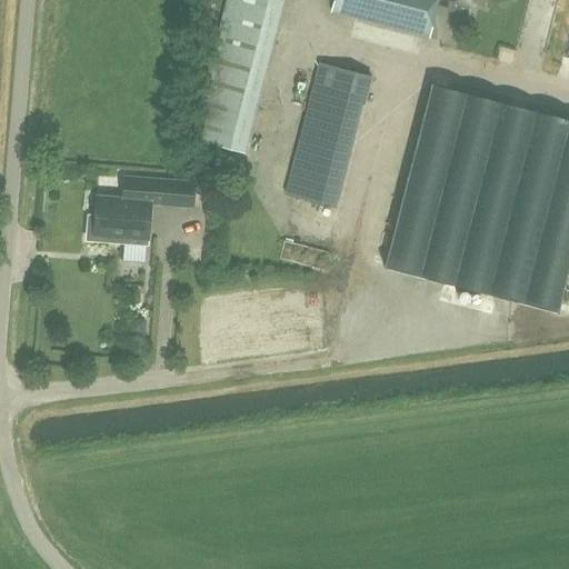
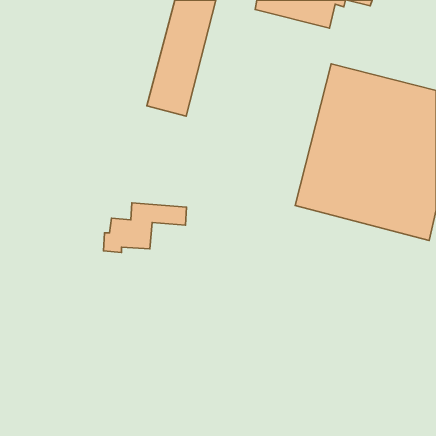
building: [286,63,372,208] -> none
building: [88,178,196,242] -> [104,203,186,252]

